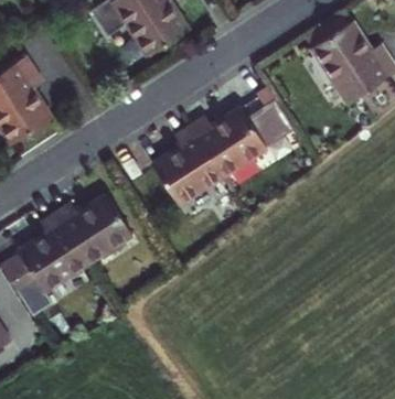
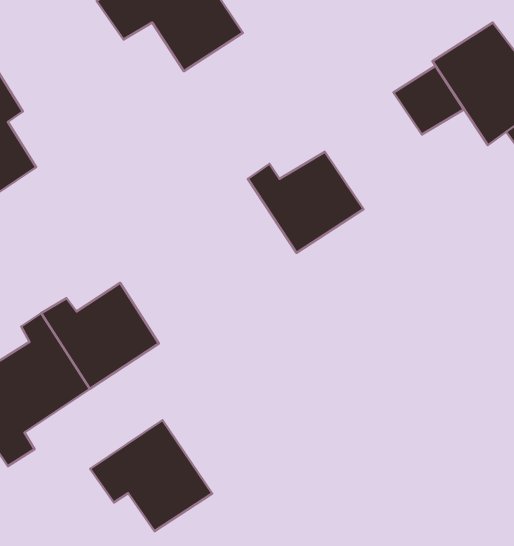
building: [247,100,293,145] -> [393,66,464,135]
building: [151,126,222,204] -> none
building: none -> [90,420,212,531]

